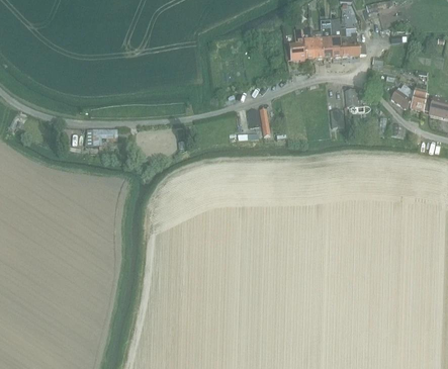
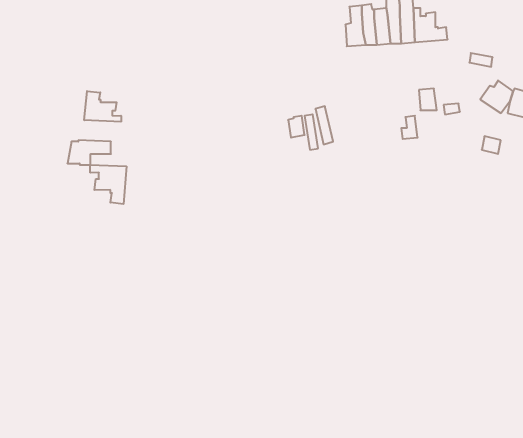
building: none -> [84,91,121,122]
building: none -> [90,165,126,204]

